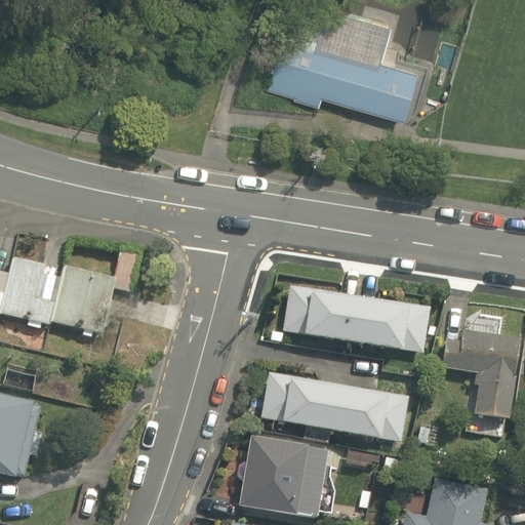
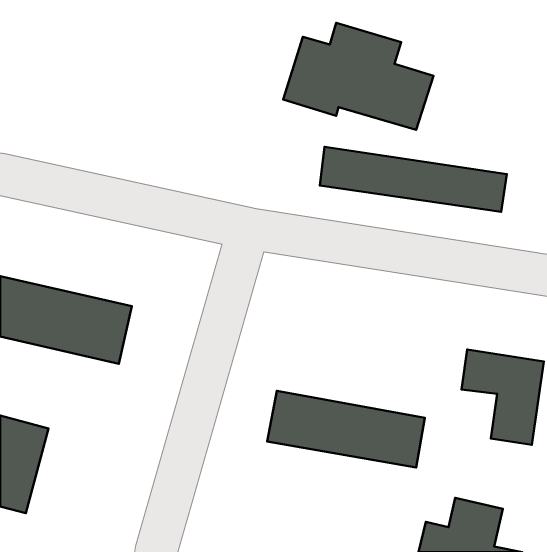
building: none -> [320,147,507,212]
building: [271,281,428,351] -> none
building: [234,430,323,515] -> none

